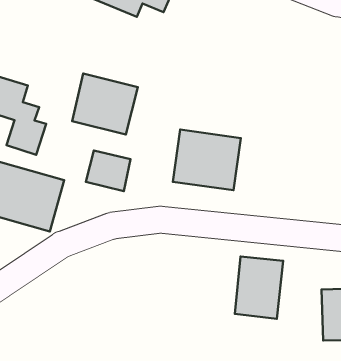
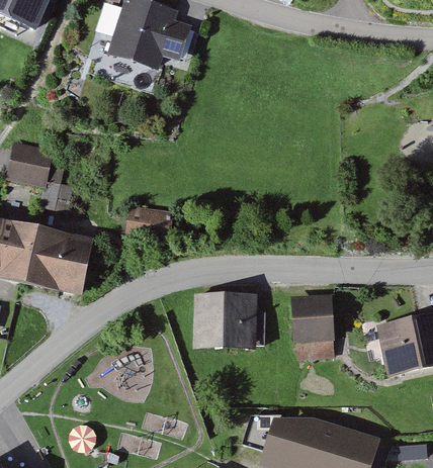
building: [72,74,138,135] -> none
building: [173,130,241,190] -> [196,290,260,345]

